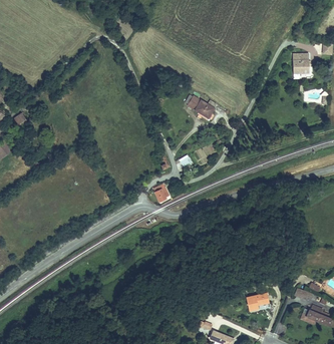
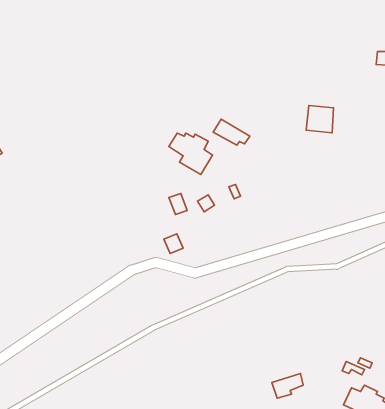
building: [296,56,317,77] -> [306,105,333,133]
building: none -> [169,133,213,175]

